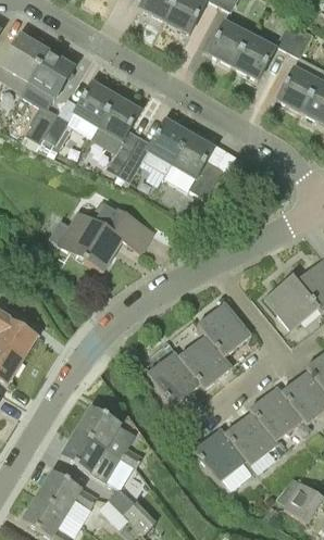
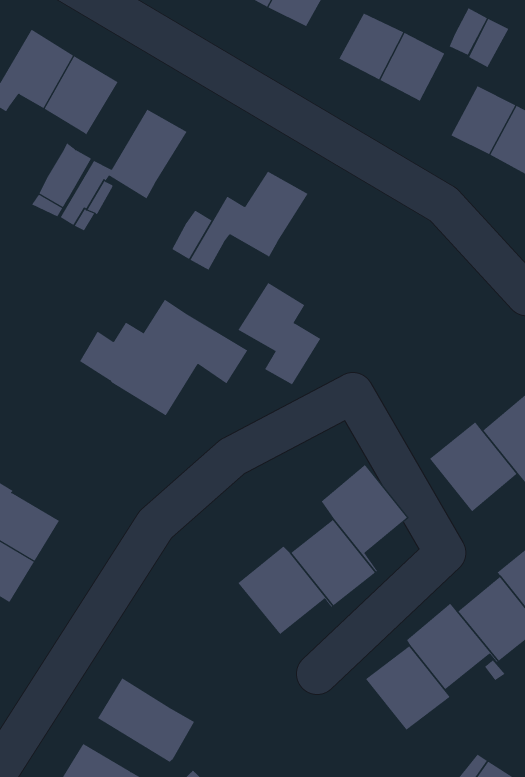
building: [97,97,140,142] -> none
building: [172,135,223,198] -> [238,282,321,385]
building: [76,405,142,467] -> none
building: [194,427,250,481] -> none

